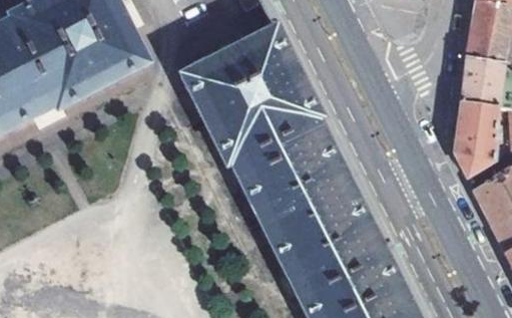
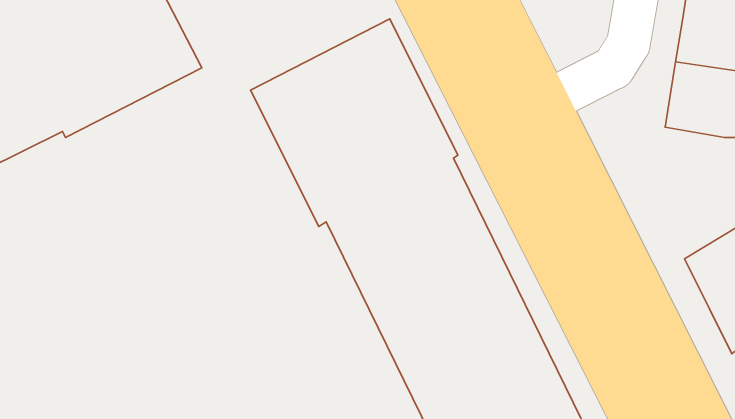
building: [453,100,501,178] -> none

